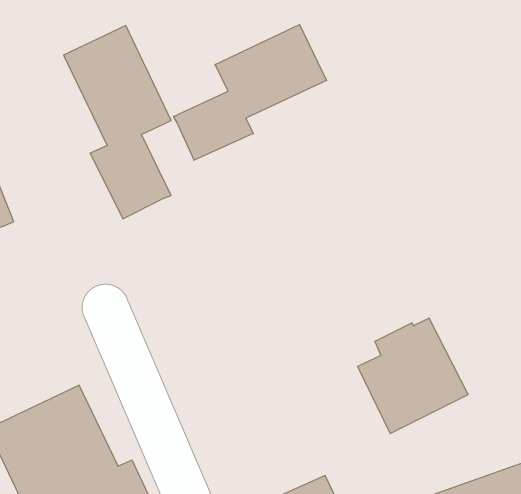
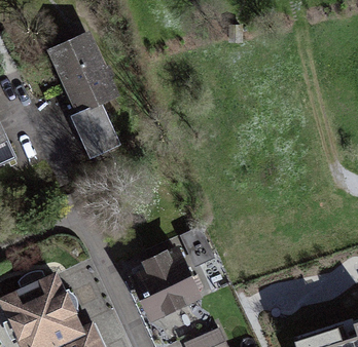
building: [174,24,326,160] -> none
building: [358,318,468,433] -> [132,245,205,321]

